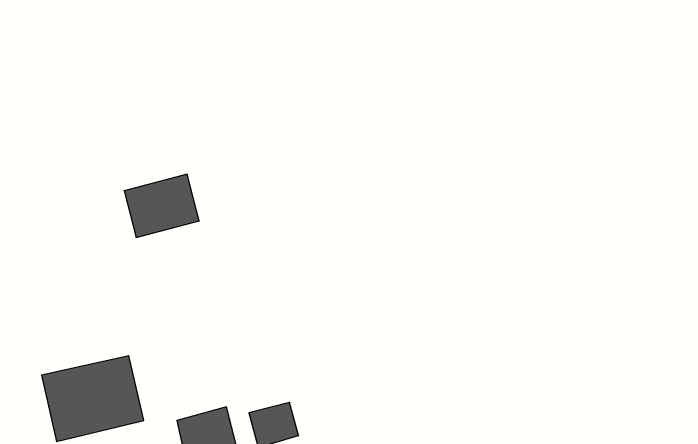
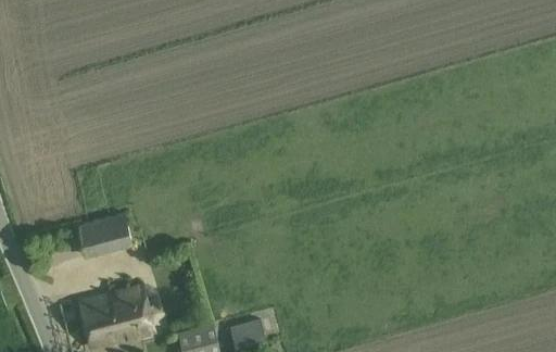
building: [124,174,199,237] -> [78,212,132,257]

